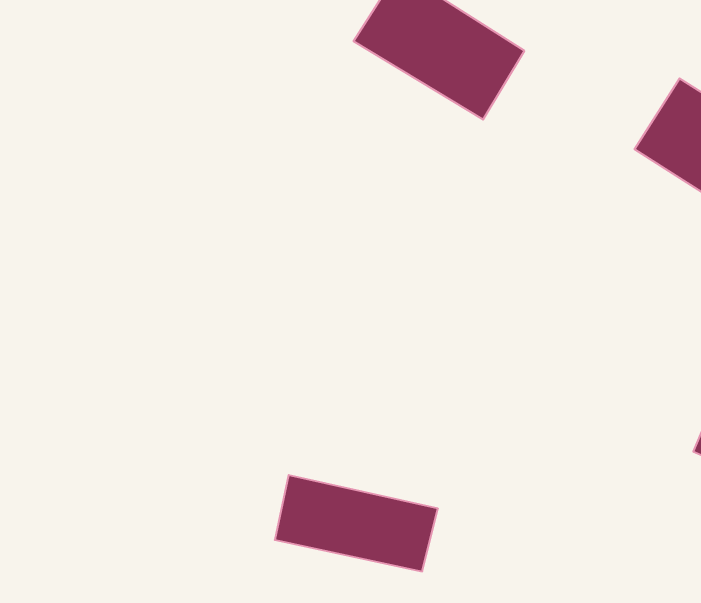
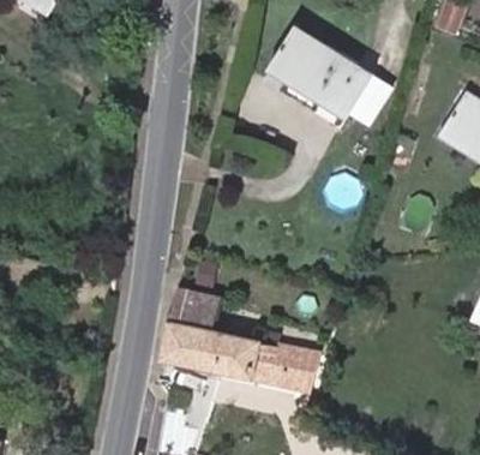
building: none -> [346,74,392,130]
building: none -> [162,287,227,373]

